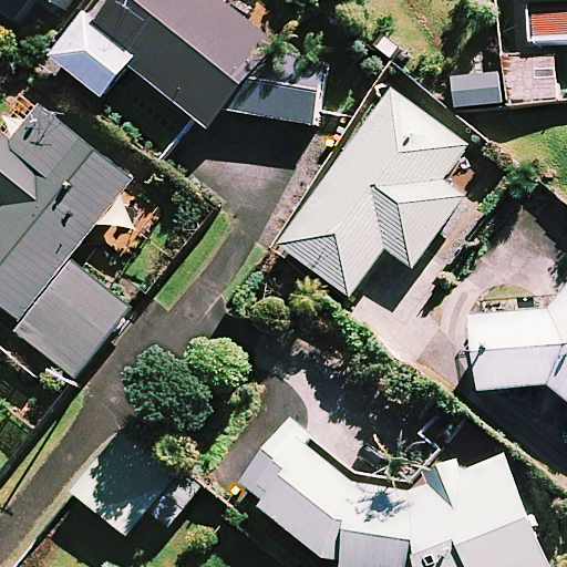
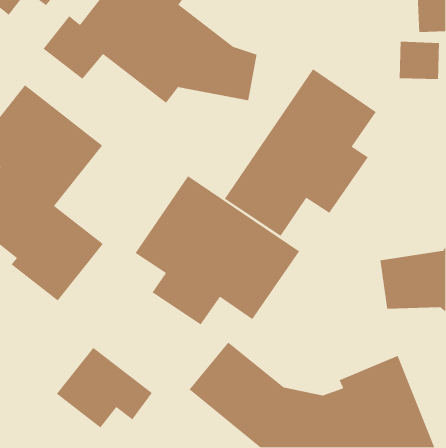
building: none -> [135,175,300,325]

